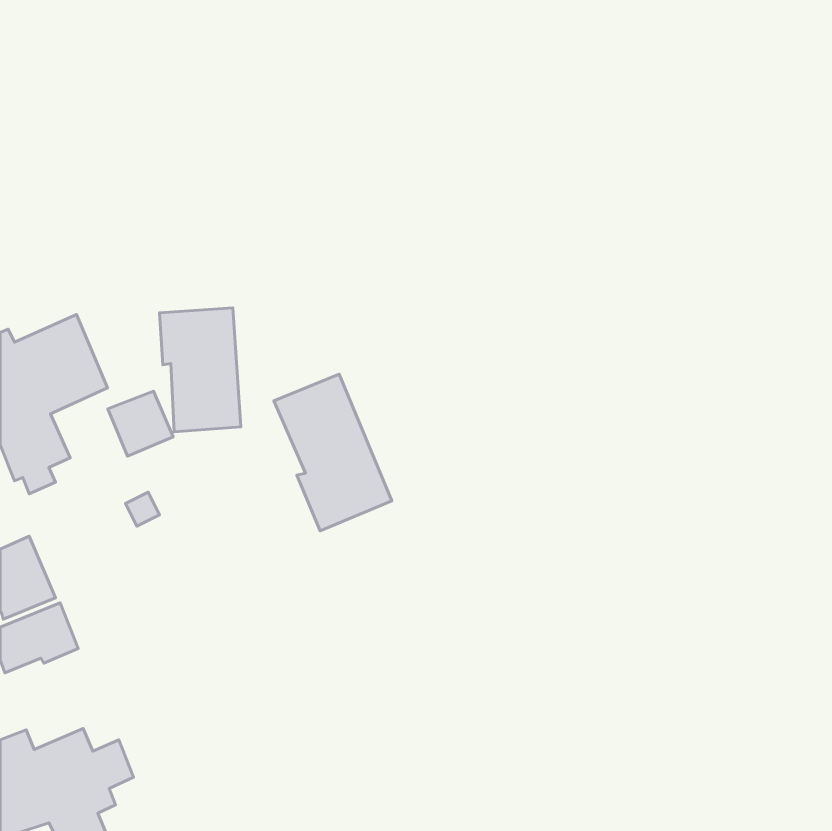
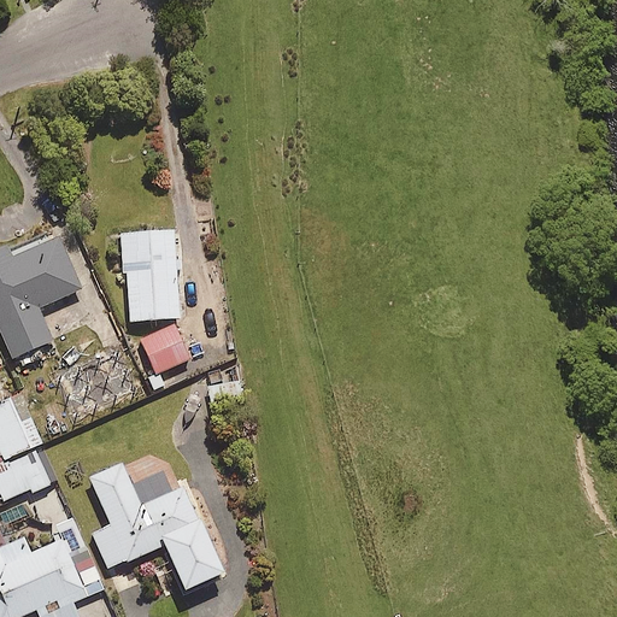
building: [274,374,392,531] -> none
building: [108,391,173,456] -> [141,325,189,374]
building: none -> [89,463,222,588]

